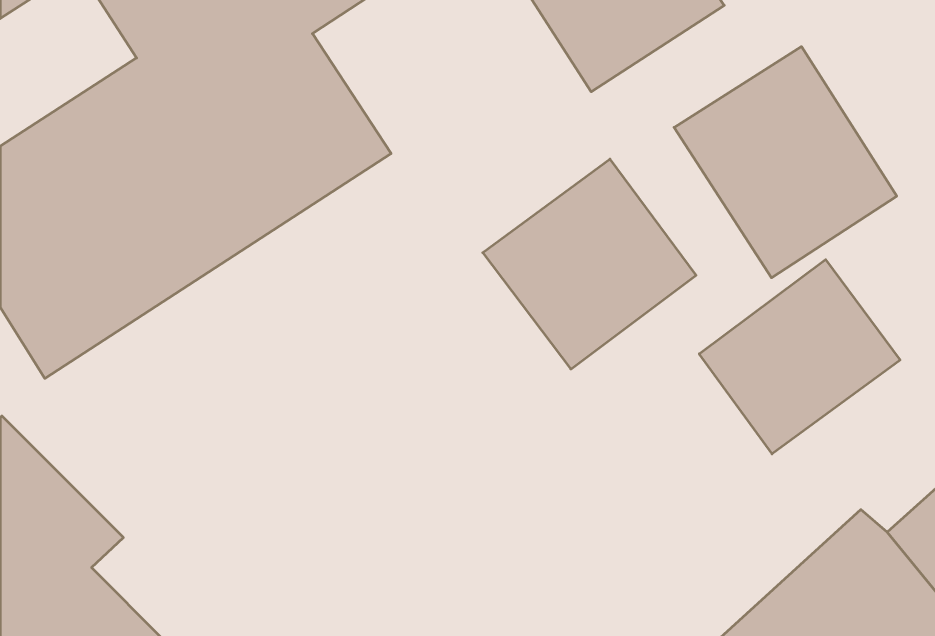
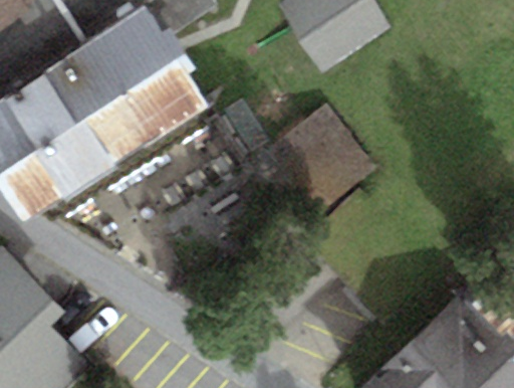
building: [674,47,897,278] -> none
building: [699,260,900,454] -> none

